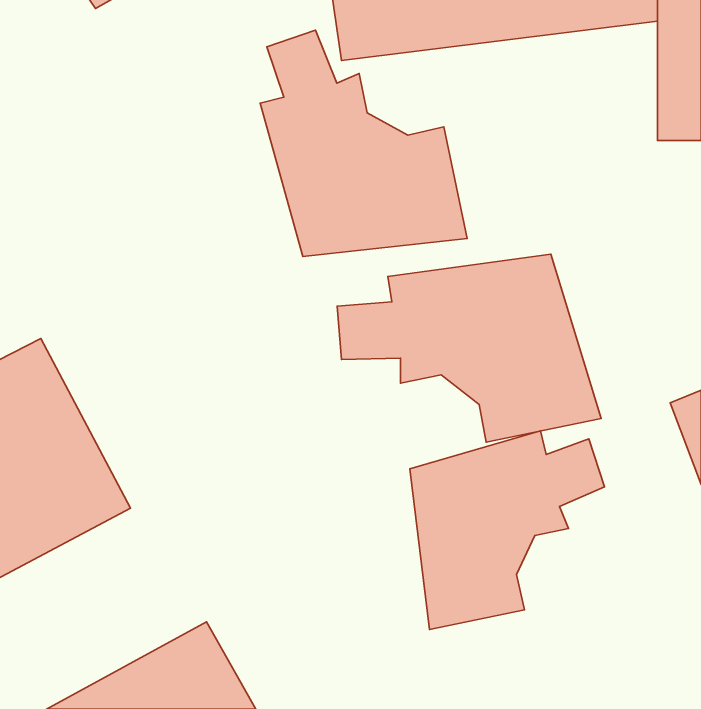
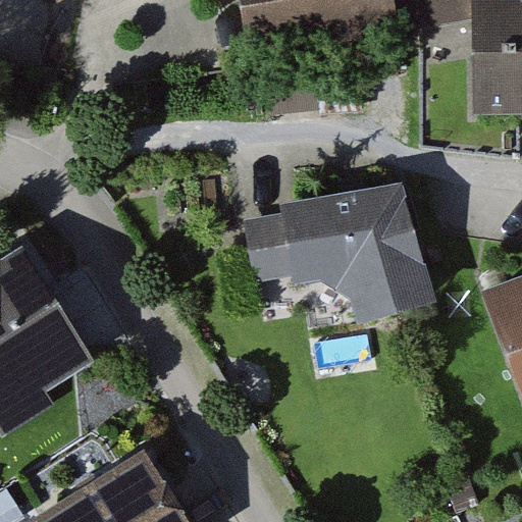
building: [260,30,467,256] -> none
building: [410,431,604,630] -> none

